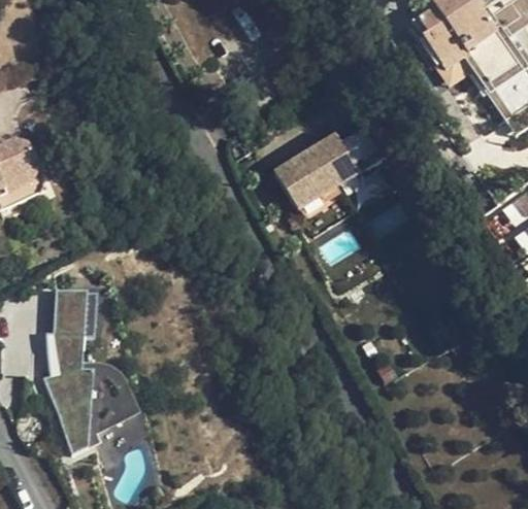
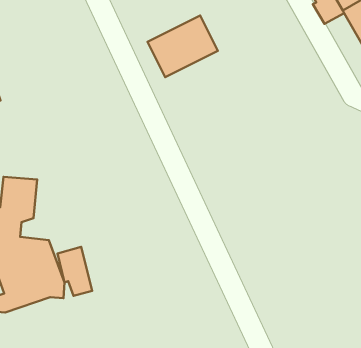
building: [273,129,362,209] -> [147,16,218,77]
building: none -> [58,247,92,296]

